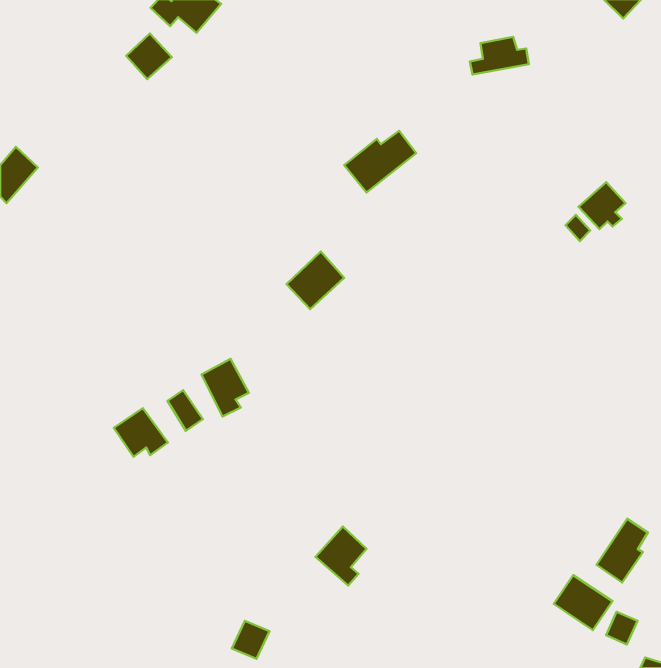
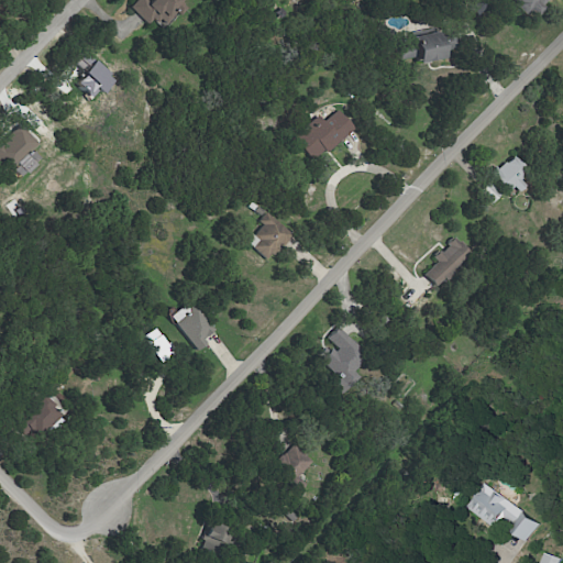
building: [126,33,172,79] -> [75,59,113,98]
building: none -> [422,236,474,287]
building: none -> [320,325,371,385]
building: [114,408,168,457] -> none
building: none -> [21,397,66,441]
building: [596,519,648,583] -> none

